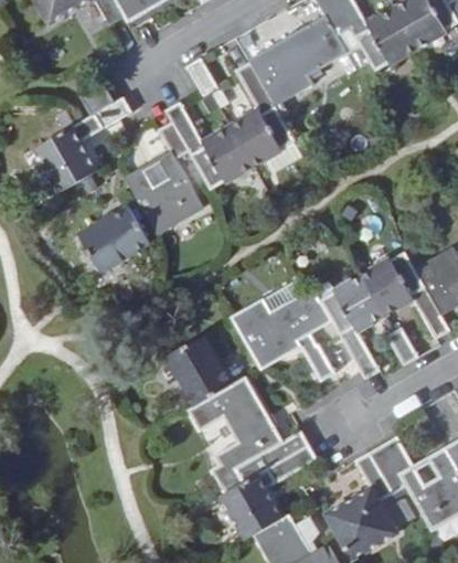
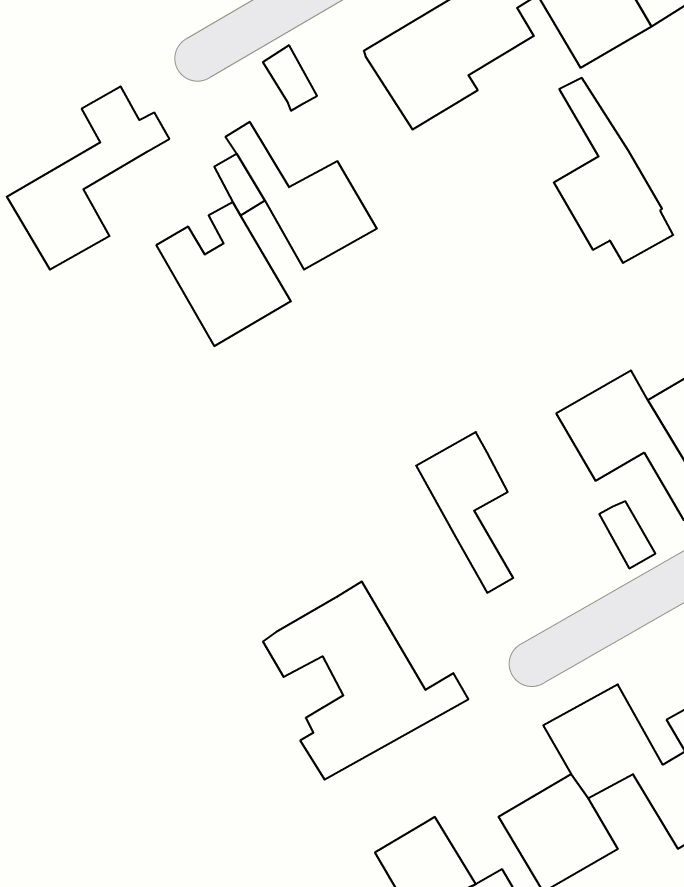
building: [232,64,302,173] -> [554,78,673,263]
building: [78,206,149,273] -> none
building: [320,275,384,379] -> none
building: [231,297,301,370] -> none
building: [167,333,232,404] -> none
building: [220,444,317,539] -> none

